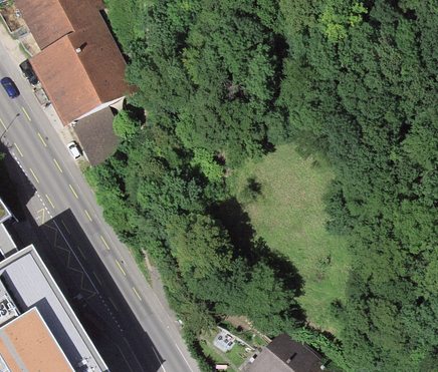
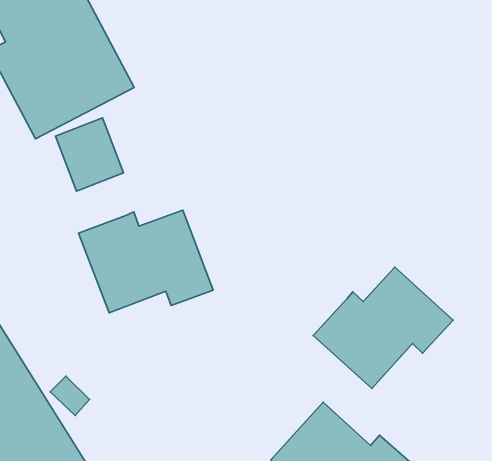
building: none -> [79,210,213,313]
building: none -> [313,267,453,389]

